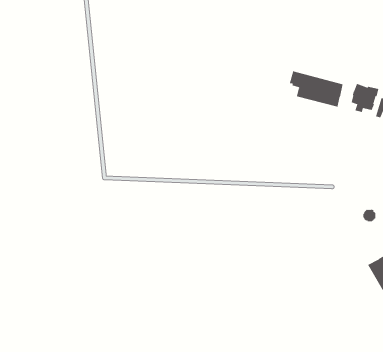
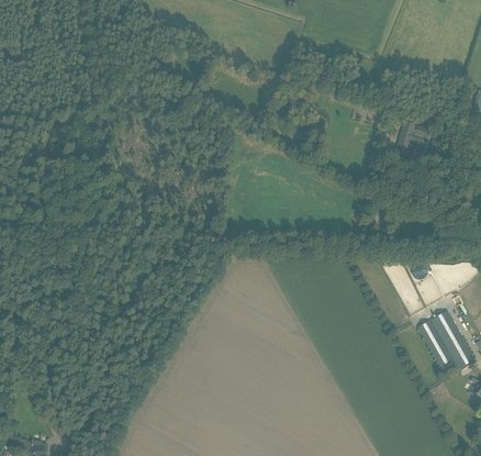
building: [289,71,343,107] -> none

